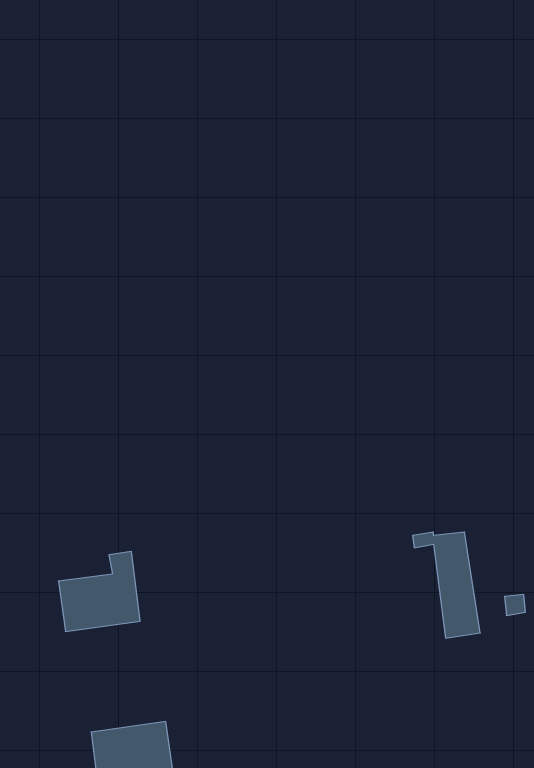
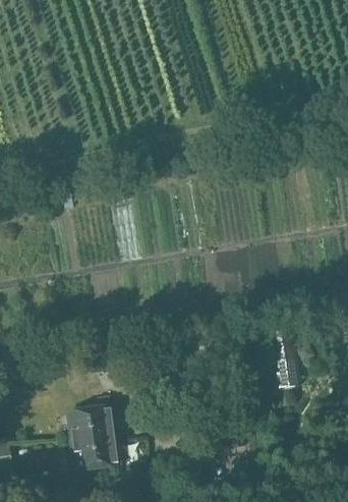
building: [58,551,140,631] -> [68,395,116,442]

